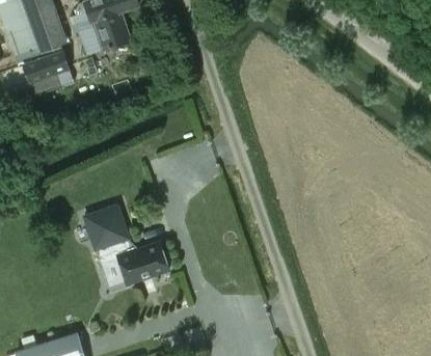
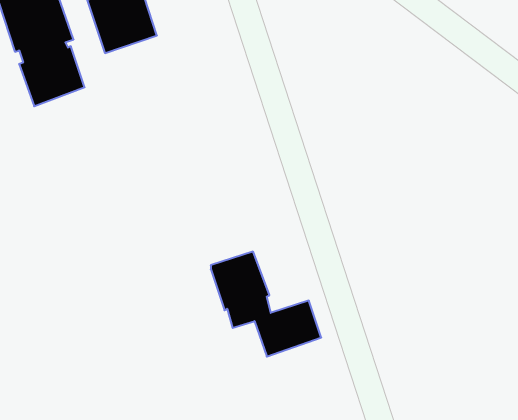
building: [83,204,167,284] -> [211,252,321,357]

